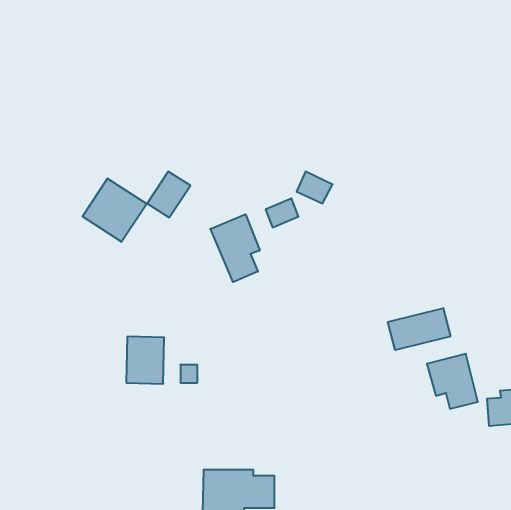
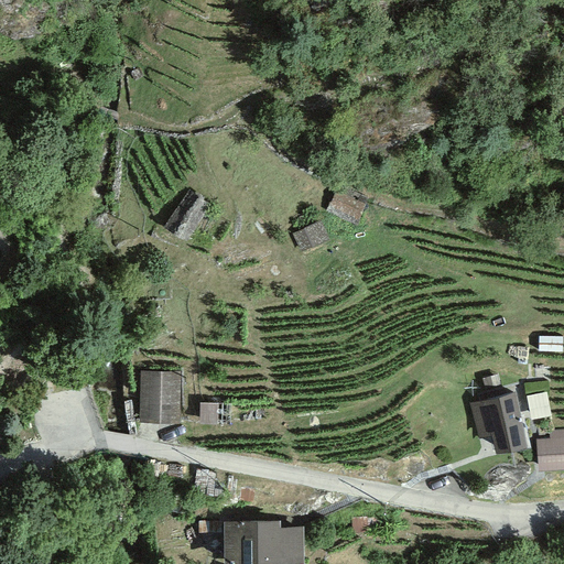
building: [83,178,147,242] -> none
building: [210,214,260,282] -> none
building: [388,308,450,350] -> none

